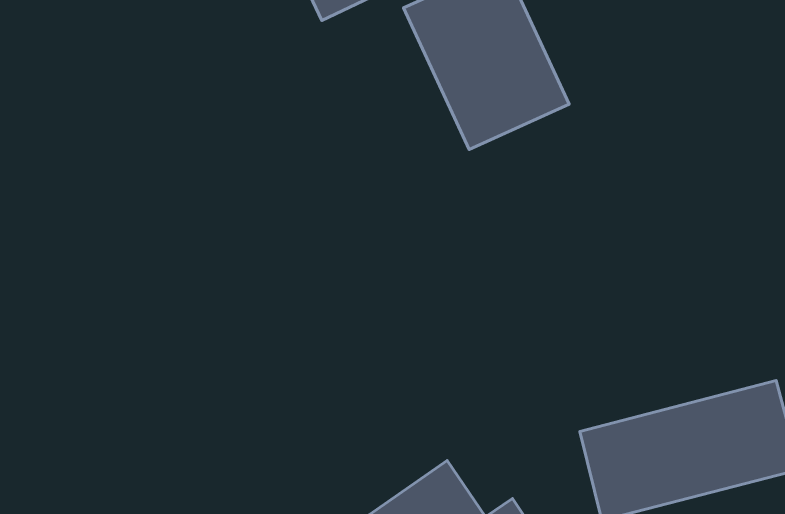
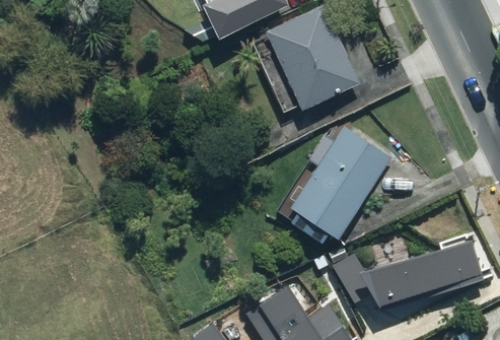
building: none -> [289,128,389,237]

